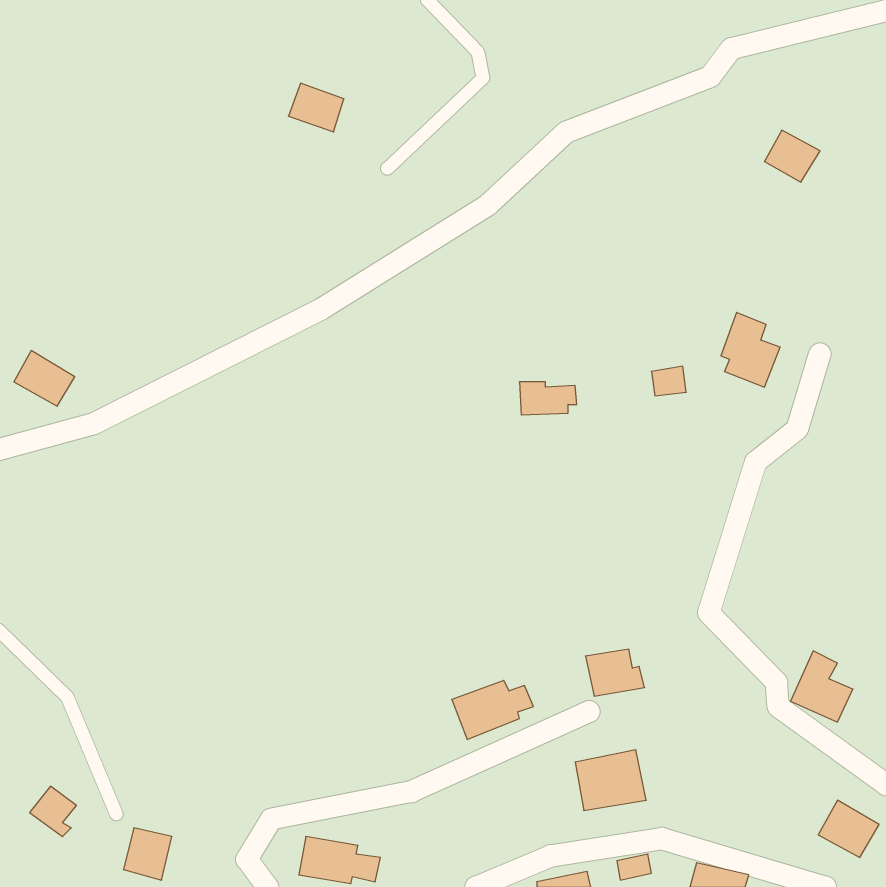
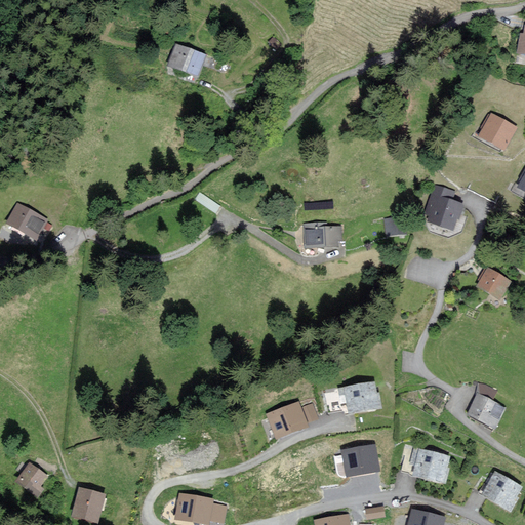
building: [764,130,820,182] -> [482,116,515,147]
building: none -> [478,269,509,296]
building: none -> [410,445,449,483]

